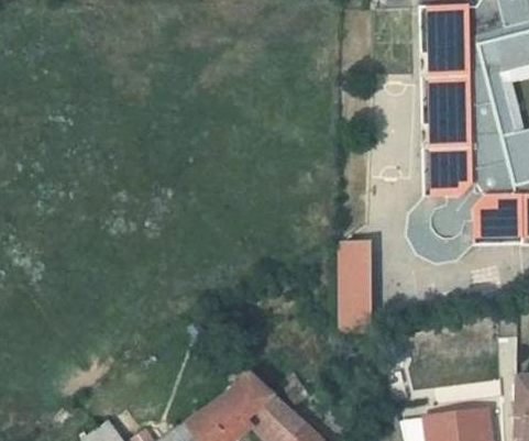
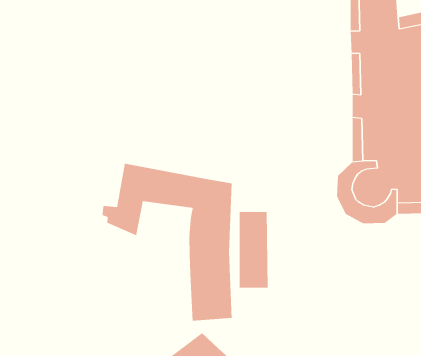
building: none -> [102,163,232,322]
building: [346,238,379,323] -> [239,211,268,288]

